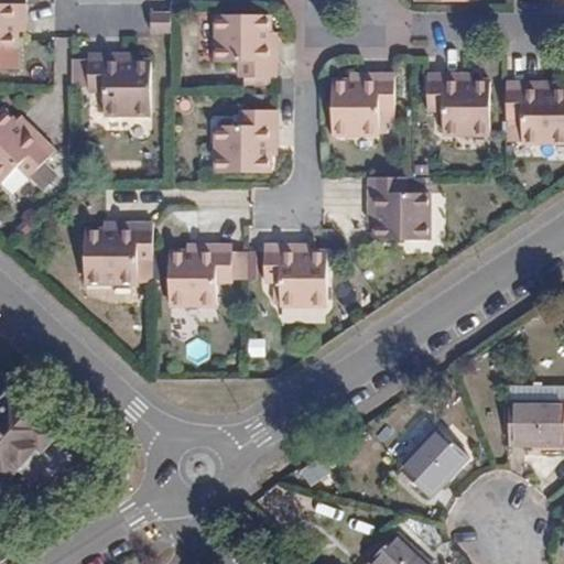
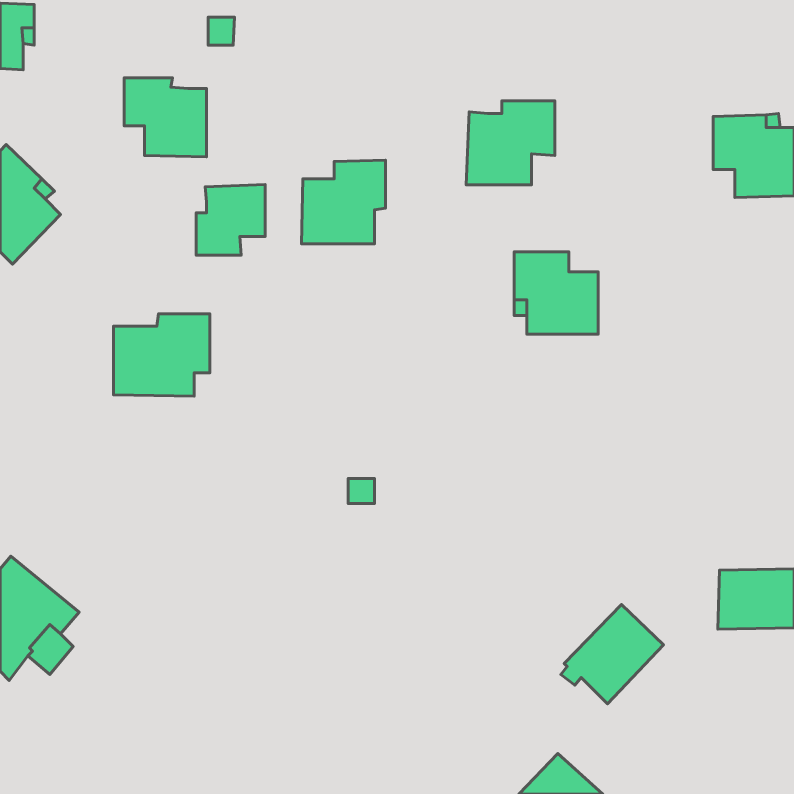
building: [215,13,273,74] -> none
building: [430,75,490,132] -> none
building: none -> [196,184,265,255]
building: [167,247,229,304] -> none
building: [258,247,319,305] -> none

